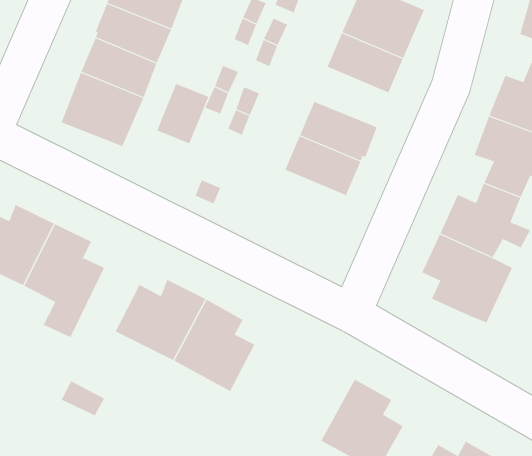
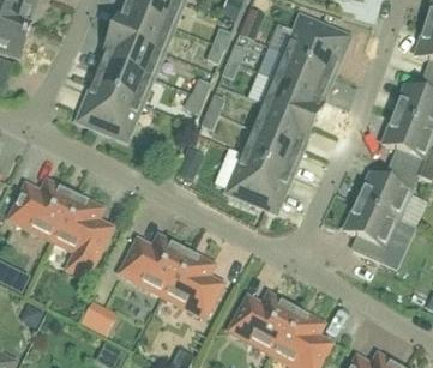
building: none -> [265,78,320,122]
building: [156,83,209,144] -> none
building: none -> [229,153,289,209]
building: none -> [229,292,295,352]

